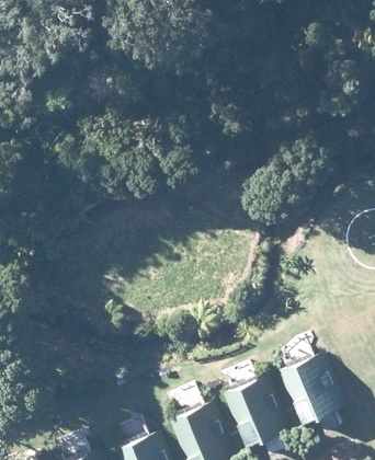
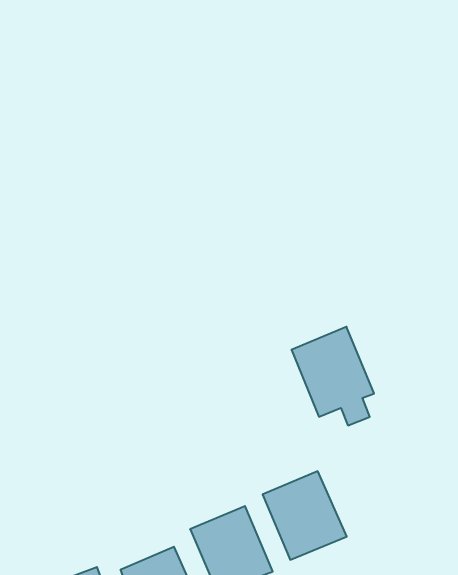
building: [279,355,341,429] -> [291,327,374,425]

